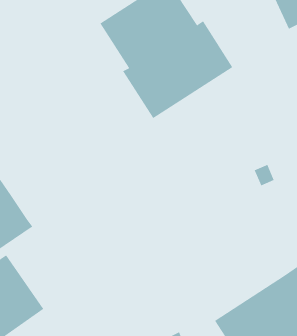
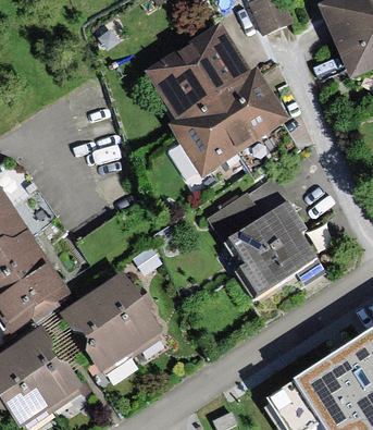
building: none -> [213,179,316,298]
building: none -> [59,271,162,373]

